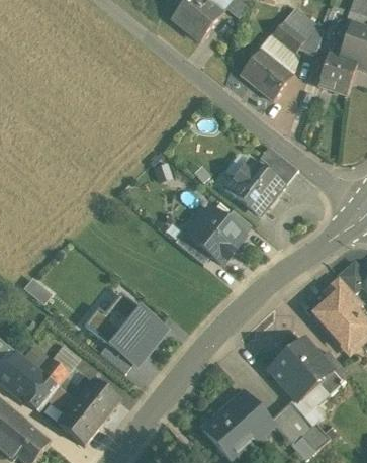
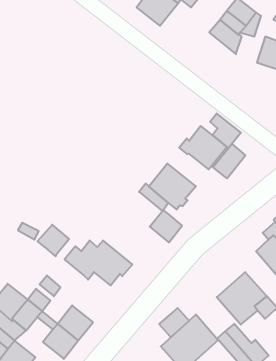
building: [241,49,292,99] -> none
building: none -> [213,144,245,178]
building: none -> [150,210,182,242]
building: none -> [38,225,69,256]
building: [100,339,141,373] -> none
building: none -> [159,308,189,337]

